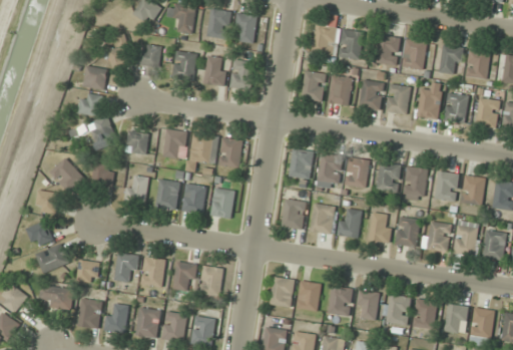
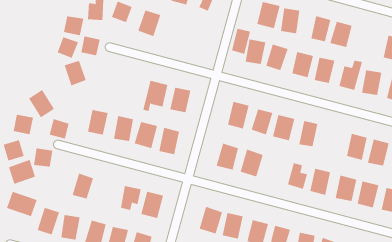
building: [439,45,461,74] -> none
building: [205,56,226,85] -> none
building: [230,60,251,90] -> [231,28,251,54]
building: [164,129,186,155] -> none
building: [126,131,148,153] -> [80,36,100,56]
building: [91,162,114,186] -> [49,119,70,139]
building: [405,166,426,197] -> none
building: [340,209,361,238] -> none
building: [140,257,165,287] -> none
building: [77,261,99,282] -> [33,148,53,167]

